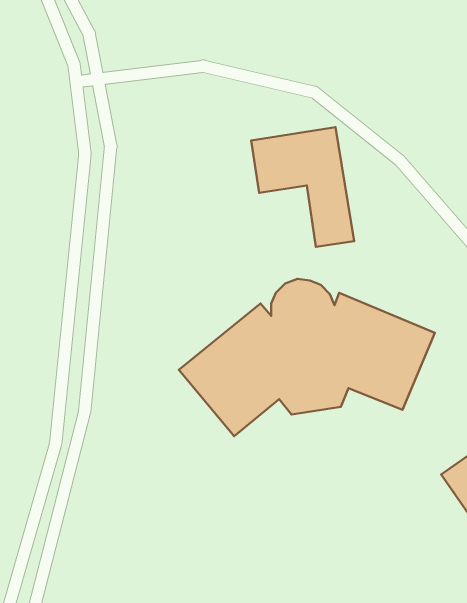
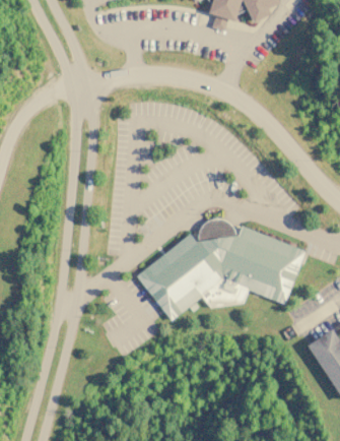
building: [251,127,354,247] -> none

